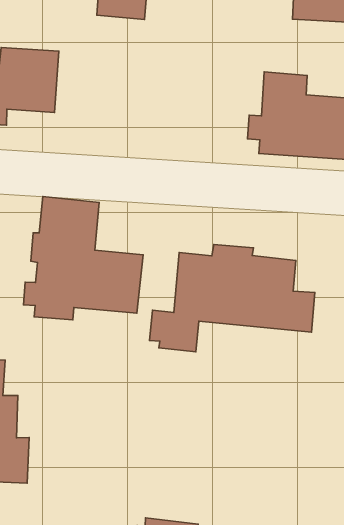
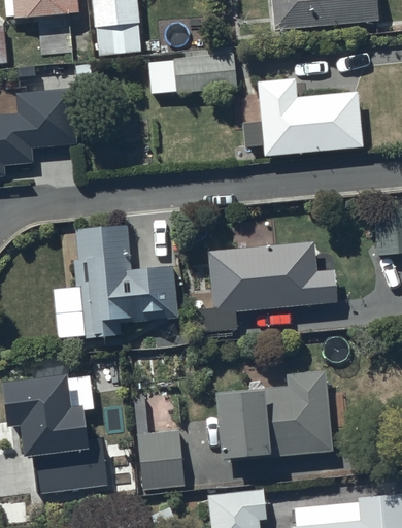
building: none -> [148,52,236,92]
building: none -> [217,368,333,455]
building: none -> [133,398,183,482]

